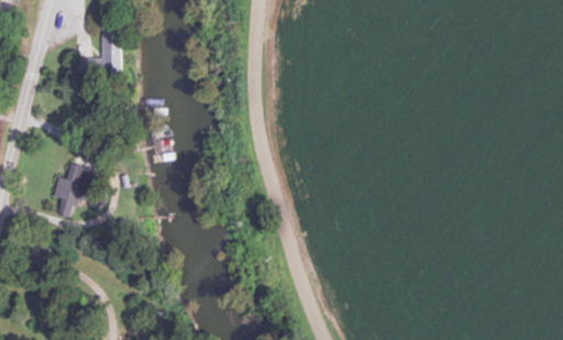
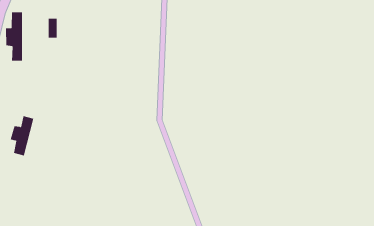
building: none -> [6,12,23,62]

